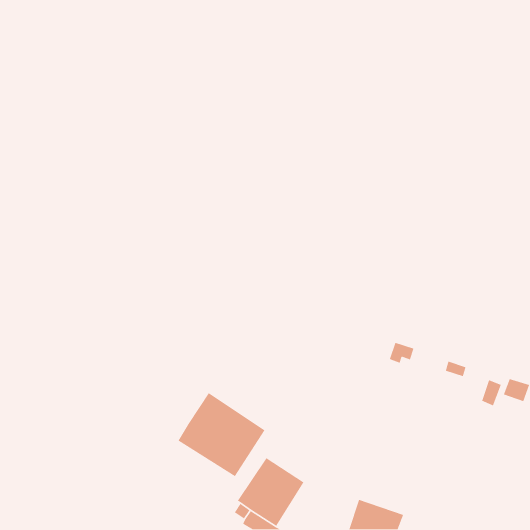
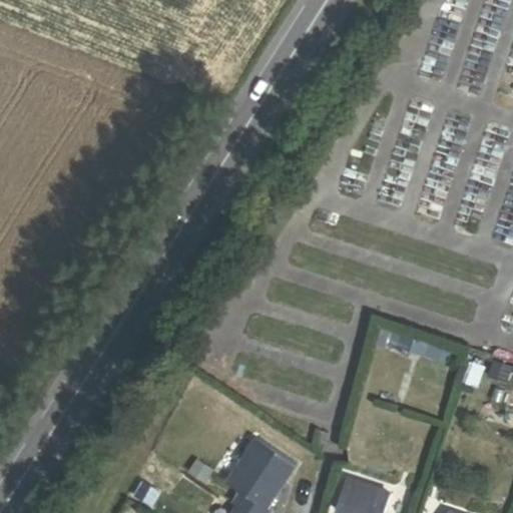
building: [177,392,265,477] -> none

